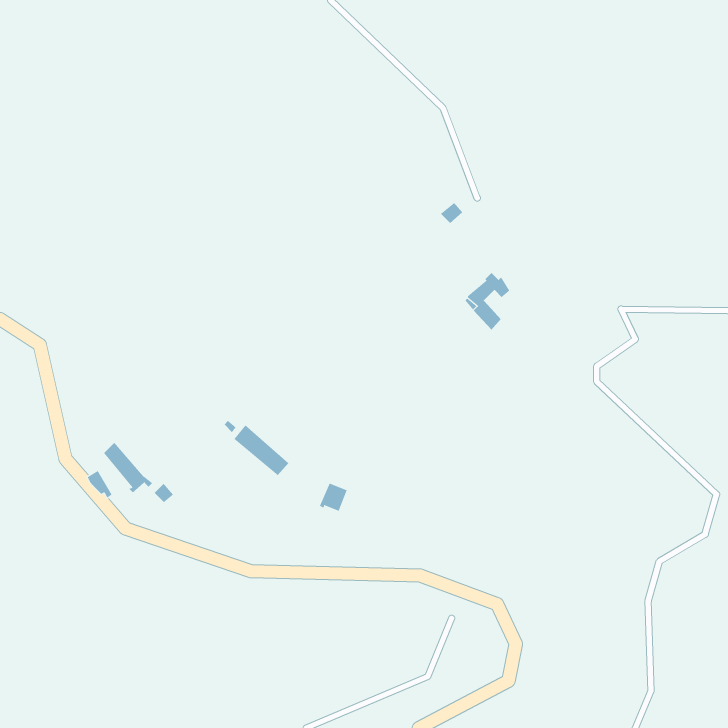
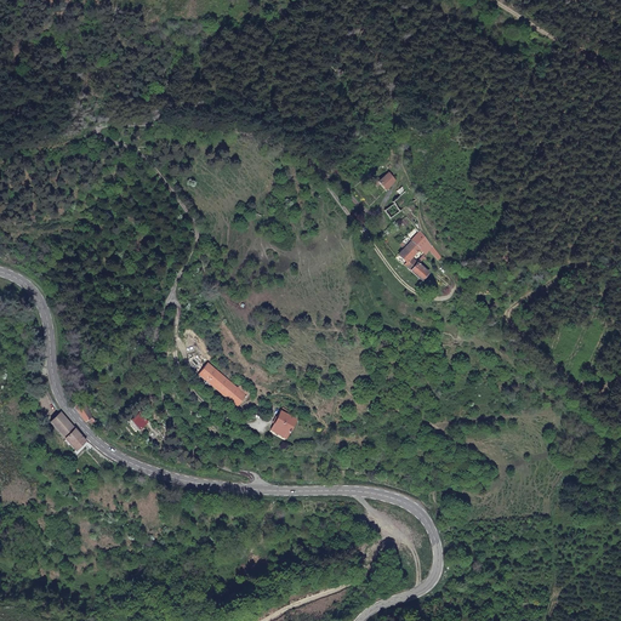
building: [103,442,153,493] -> [51,411,93,455]

